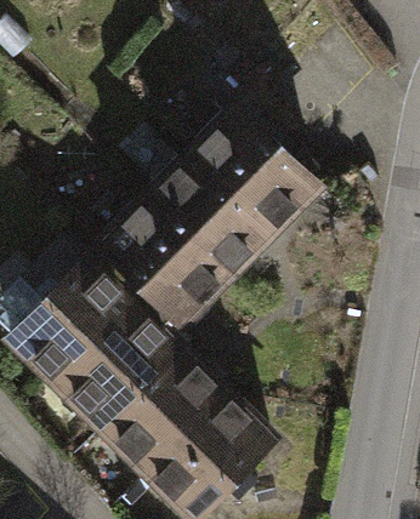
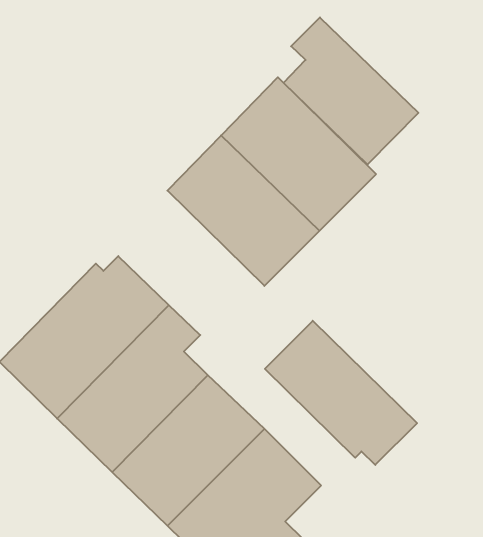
building: none -> [284,17,418,165]
building: [104,203,229,327] -> none
building: none -> [265,321,417,465]

